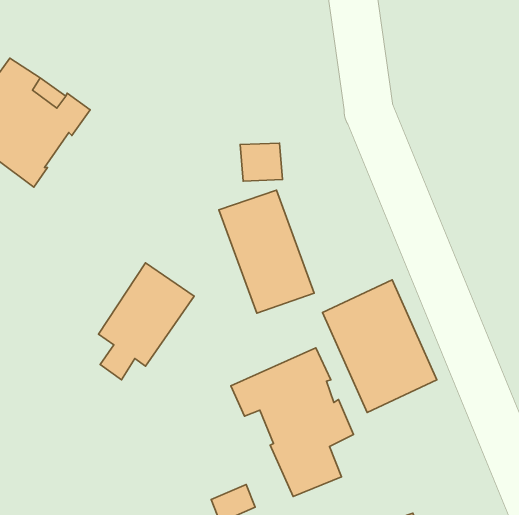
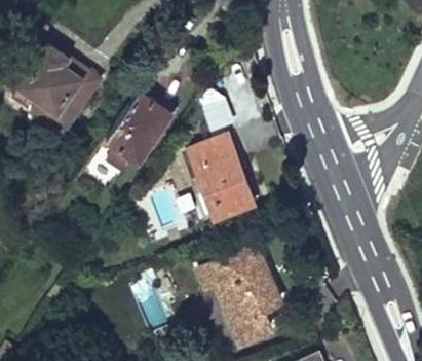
building: [99,263,194,380] -> [107,89,171,169]
building: [322,280,437,413] -> none

